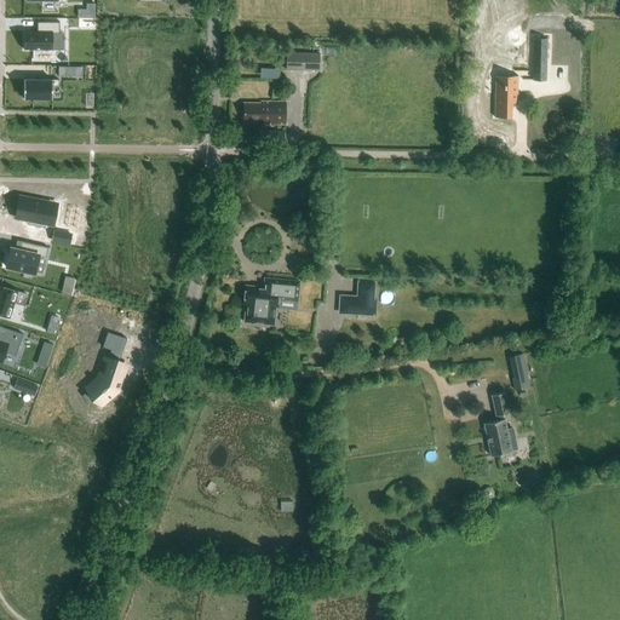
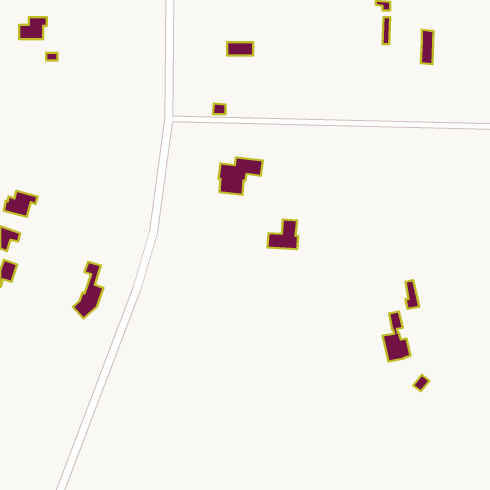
building: [494,75,518,117] -> none
building: [23,80,58,99] -> none
building: [243,103,286,125] -> none
building: [15,196,50,226] -> none
building: [243,277,299,325] -> [219,158,263,195]

